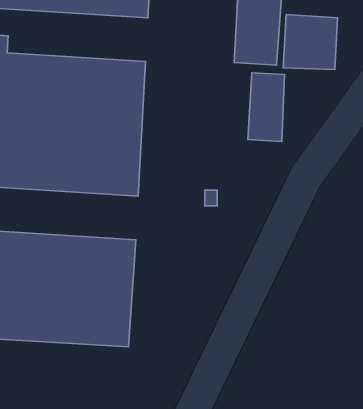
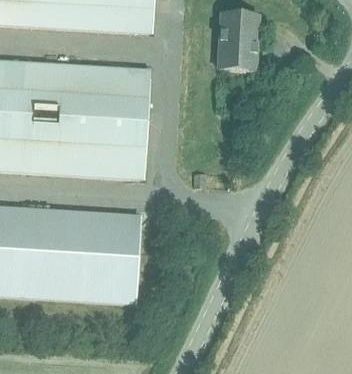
building: [283,15,338,69] -> none
building: [248,73,285,141] -> none

